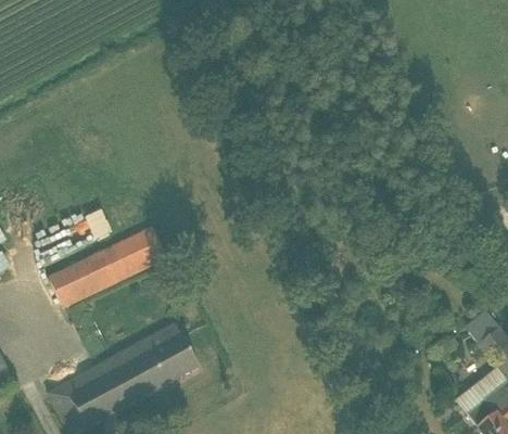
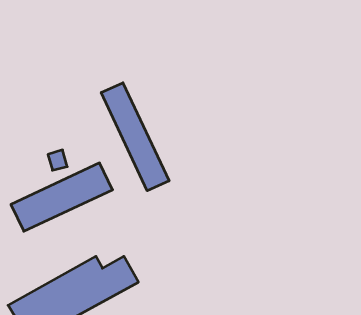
building: none -> [101,83,169,191]

